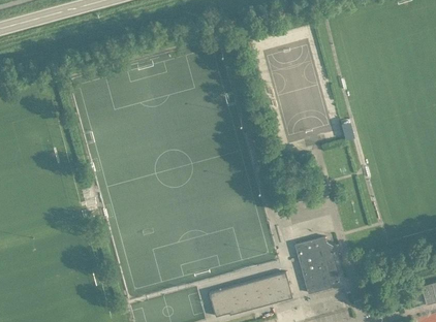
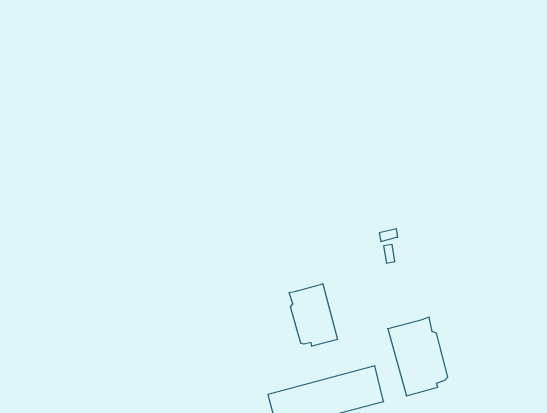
building: none -> [289,284,337,346]

